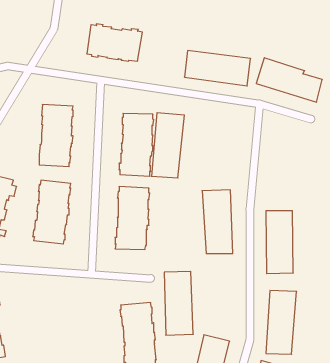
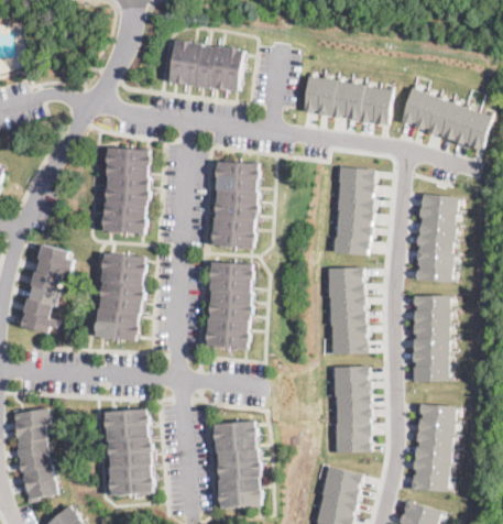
building: [151,113,184,178] -> [331,165,376,254]
building: none -> [415,193,457,282]
building: [164,271,193,335] -> [332,365,372,452]
building: none -> [106,410,154,495]

